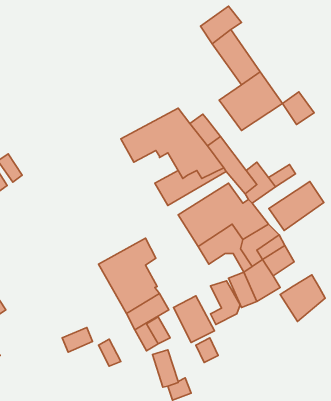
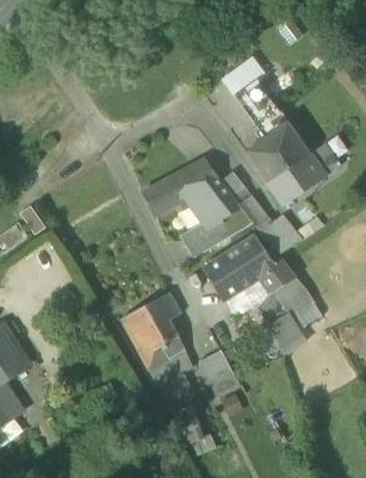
building: [269,181,324,231] -> [267,154,323,204]
building: [280,275,325,322] -> none
building: [211,281,240,324] -> none

